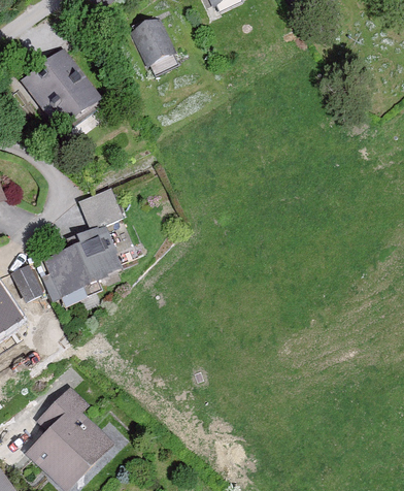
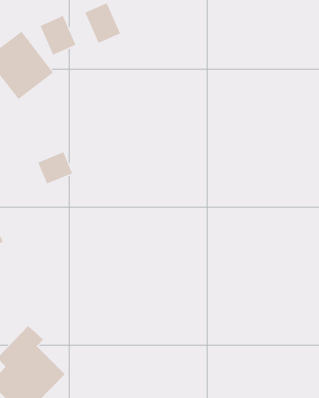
building: none -> [40,15,76,55]
building: [45,226,121,295] -> none

